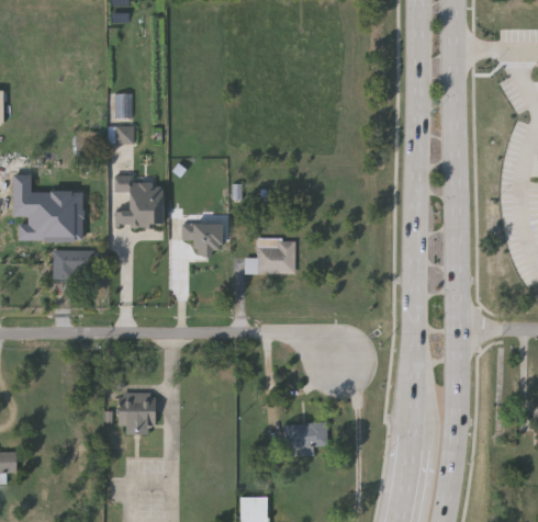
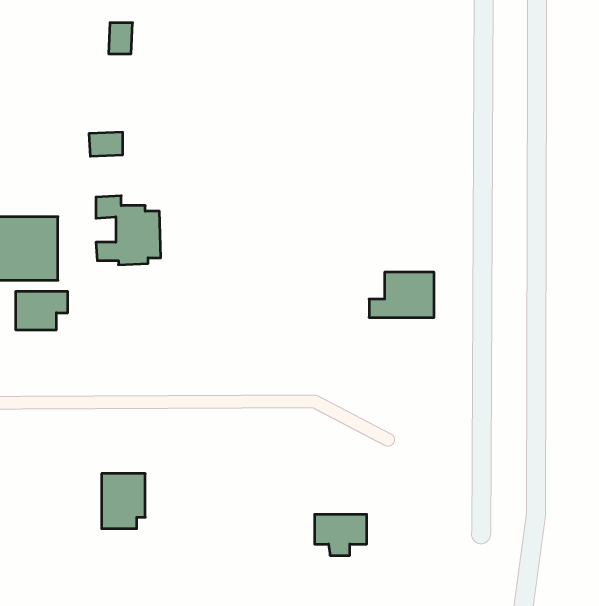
building: [116,94,135,118] -> [109,23,133,54]
building: [181,223,222,257] -> none
building: [245,238,295,273] -> [369,272,434,317]

